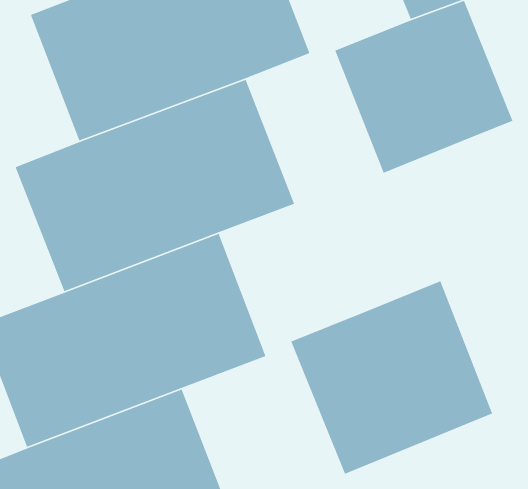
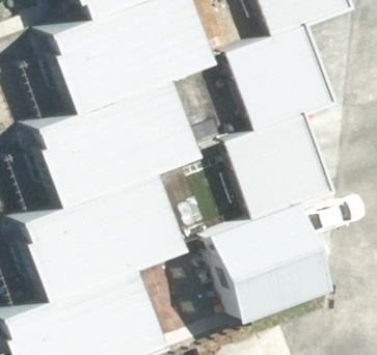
building: none -> [225,117,338,220]

